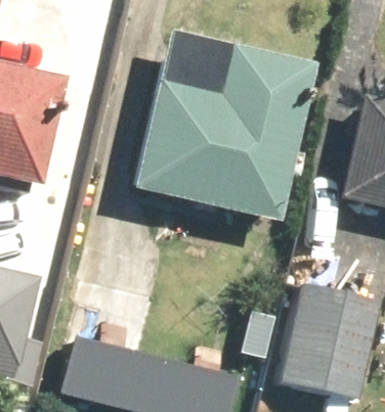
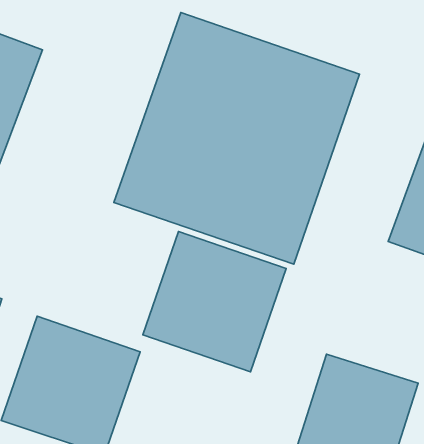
building: none -> [143,232,286,372]

